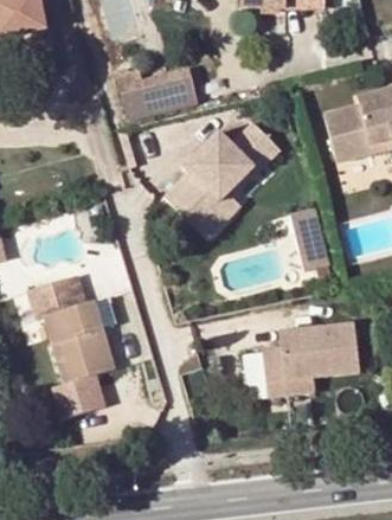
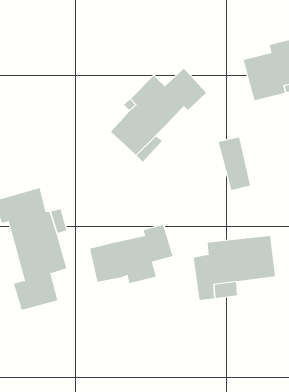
building: [120,69,201,121] -> none
building: none -> [89,224,173,284]

